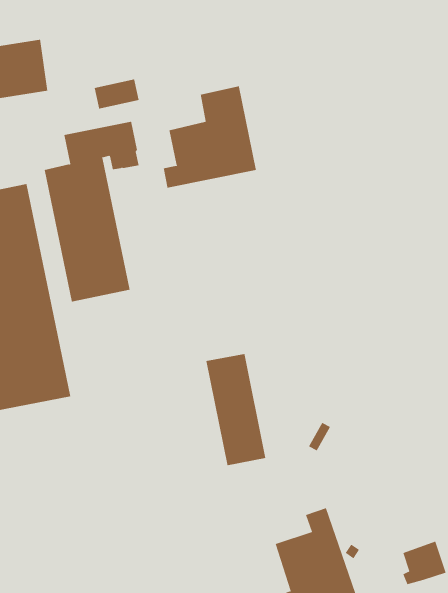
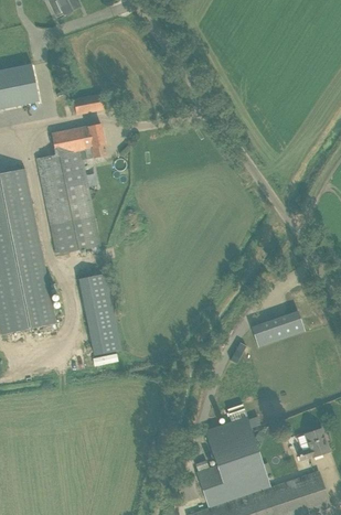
building: [163,85,256,189] -> none
building: [206,353,266,466] -> [77,273,121,355]
building: none -> [251,310,305,347]

